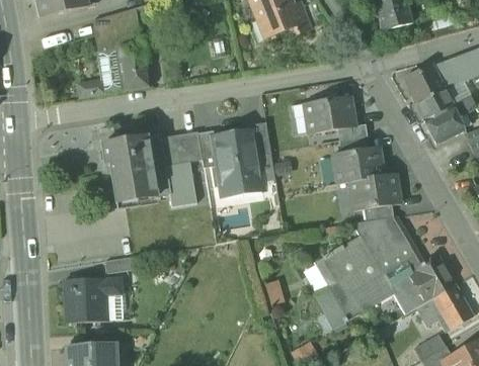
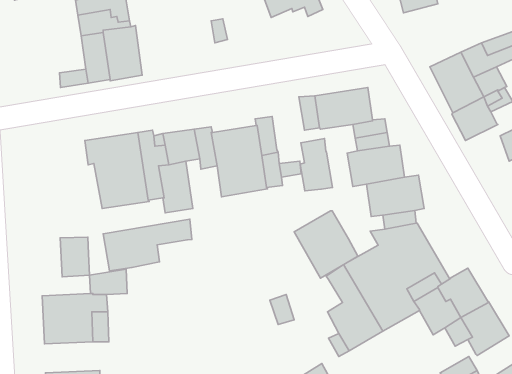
building: none -> [300,138,333,191]
building: none -> [294,211,358,278]
building: none -> [103,219,192,271]
building: none -> [60,237,89,277]

